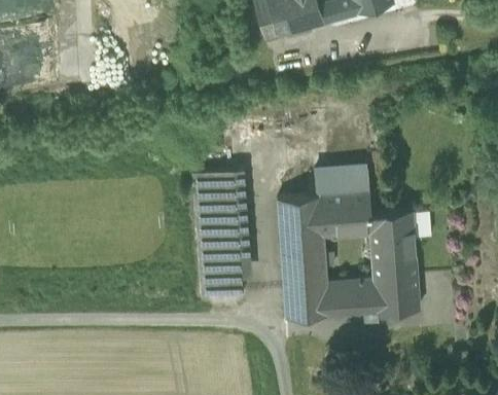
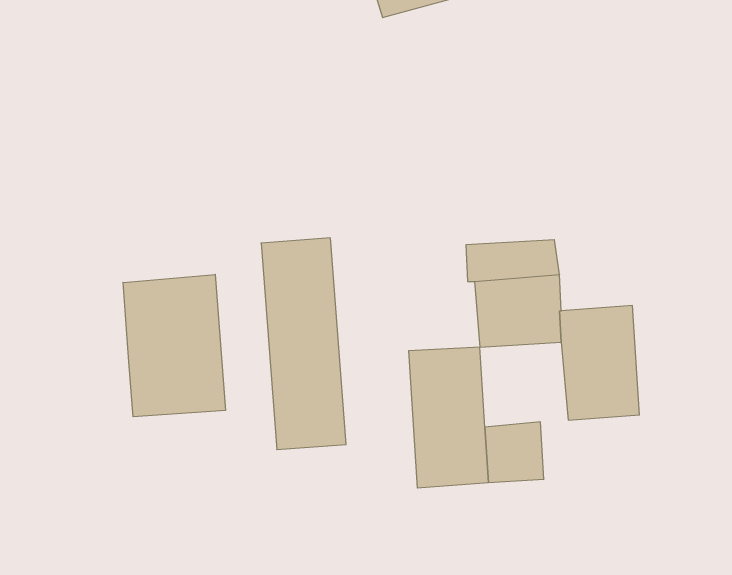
building: none -> [123,274,225,417]
building: [278,198,323,239] -> none
building: [359,277,420,315] -> none

